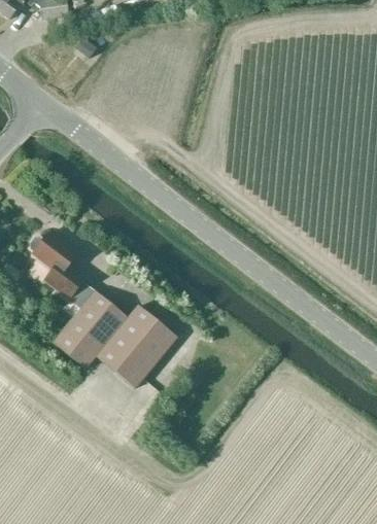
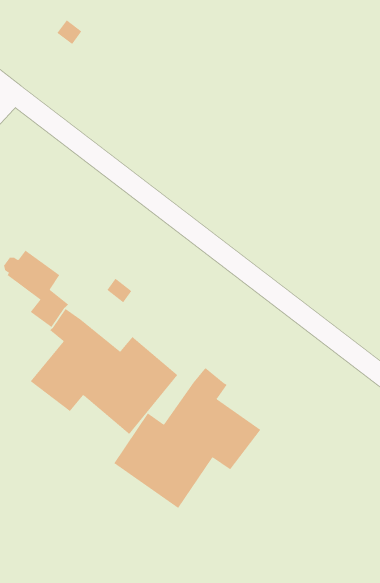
building: none -> [113,367,261,509]

